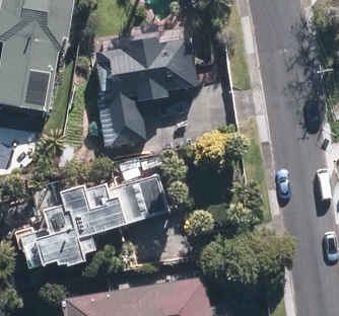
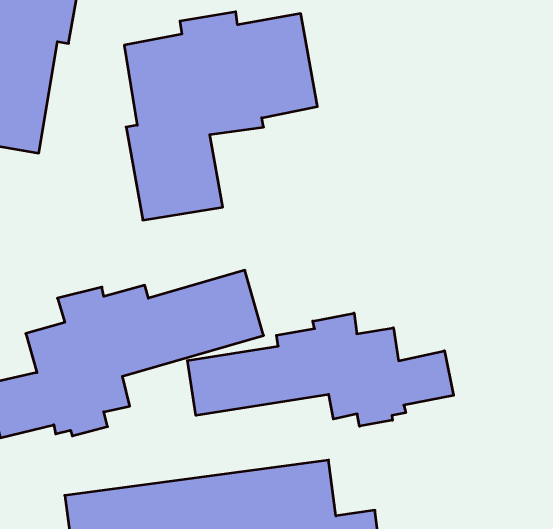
building: none -> [187,313,454,426]

